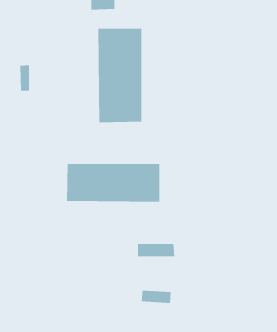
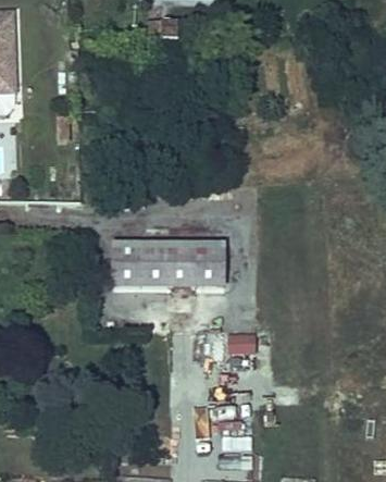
building: [98,28,142,123] -> none

